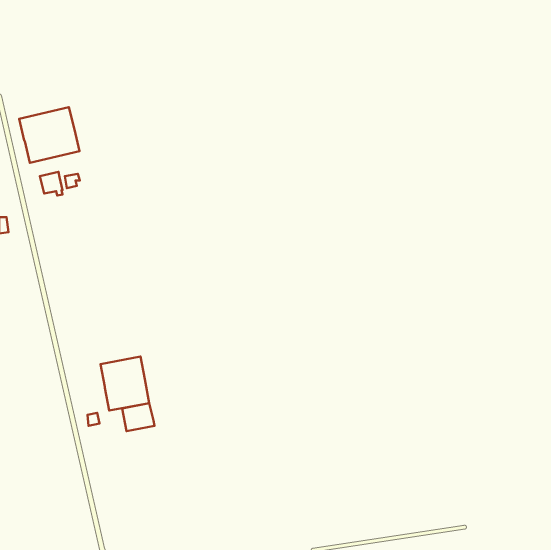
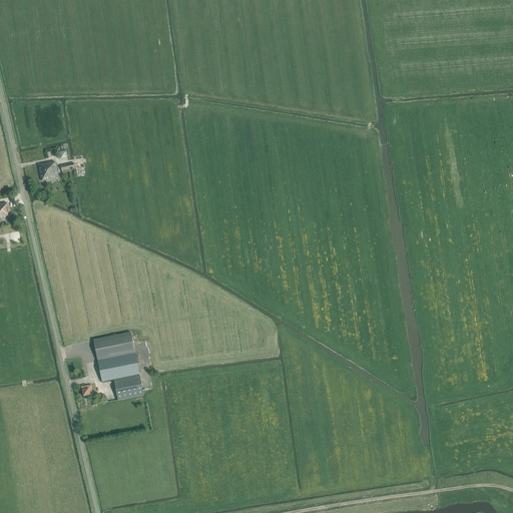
building: [19,107,79,163] -> none

